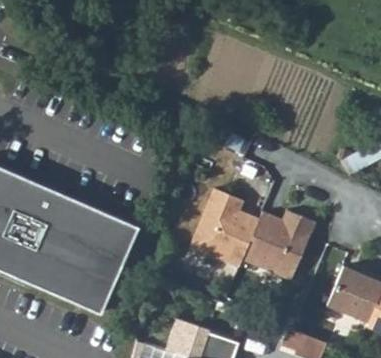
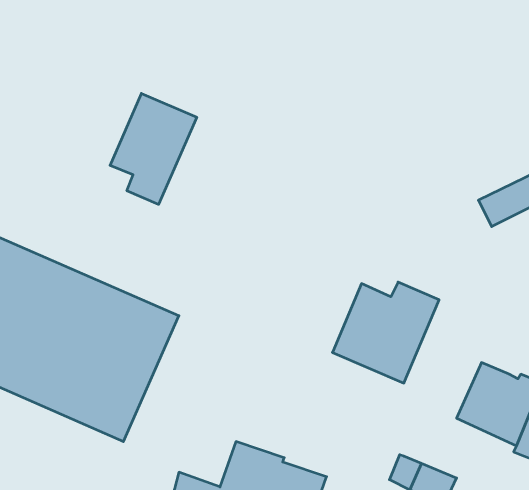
building: none -> [110,93,197,204]
building: [191,185,260,264] -> none

